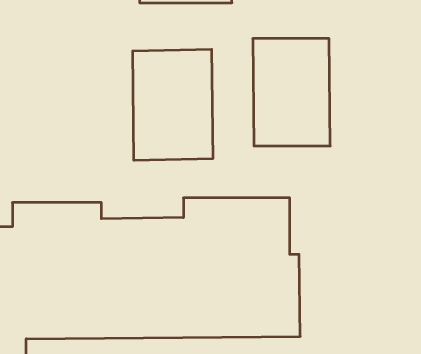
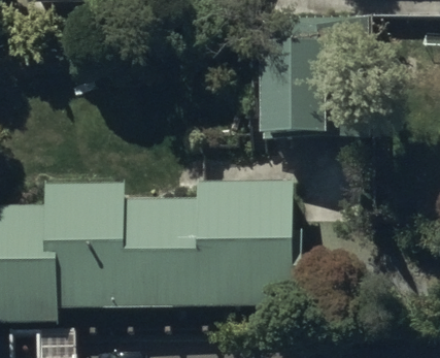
building: [133,49,213,160] -> none

